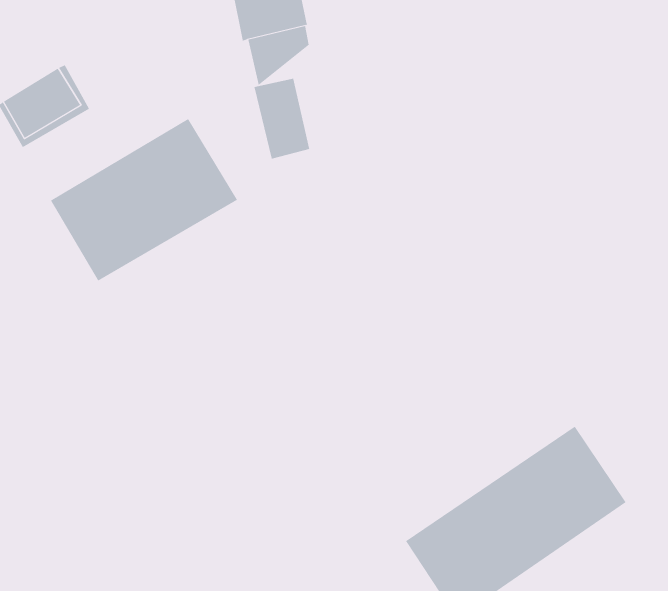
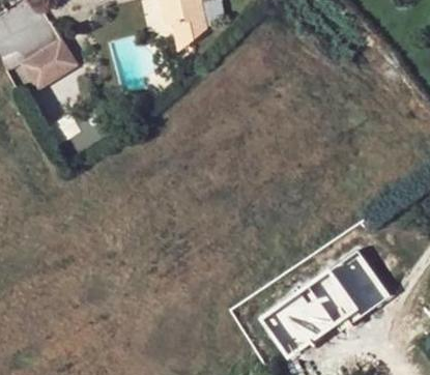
building: [254,78,310,160] -> none
building: [50,118,238,281] -> none

